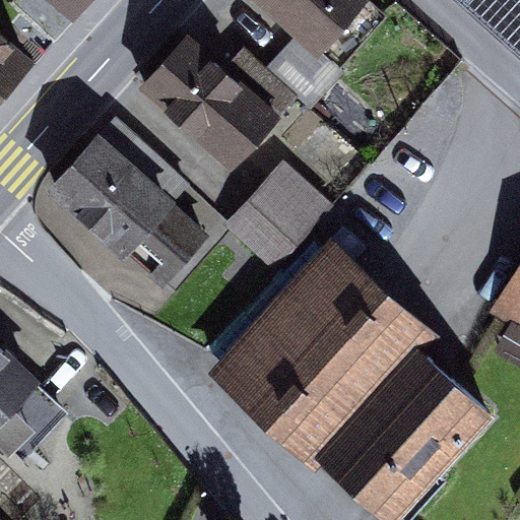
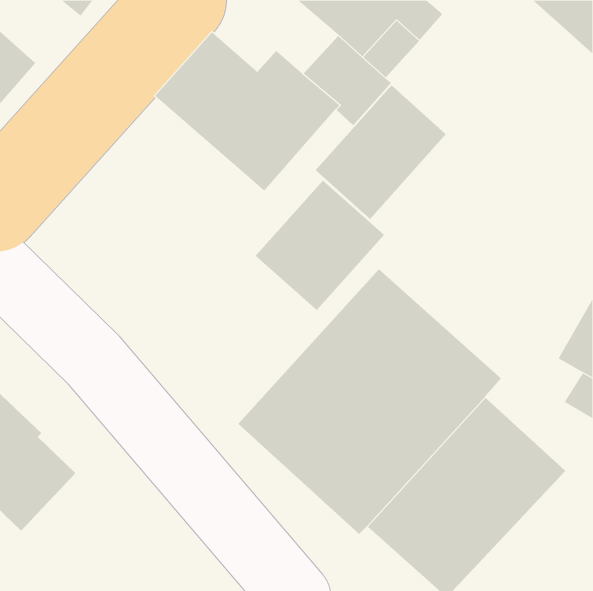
building: none -> [315,85,447,220]
building: [42,119,206,285] -> none

